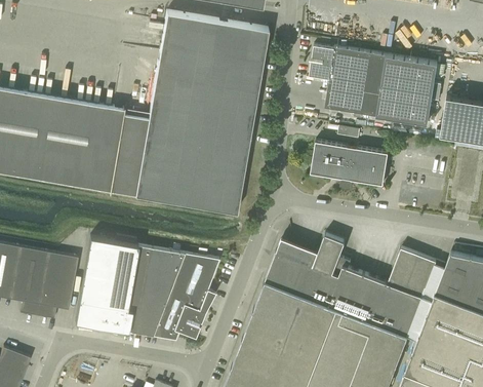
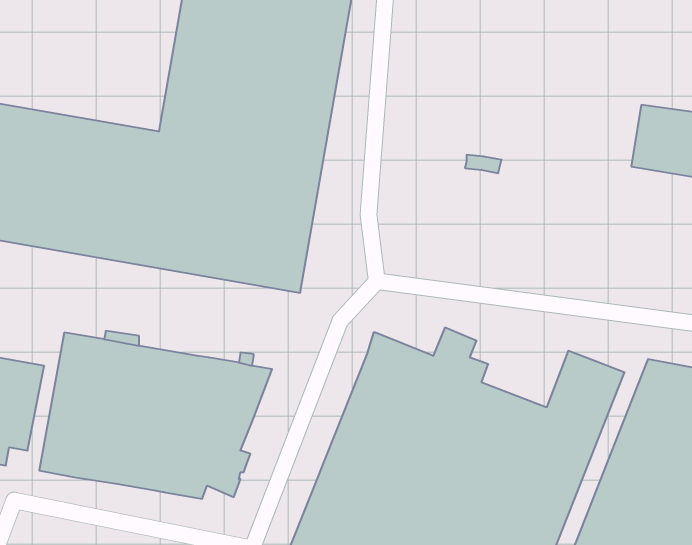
building: [309,46,437,125] -> none
building: [311,143,389,186] -> none

